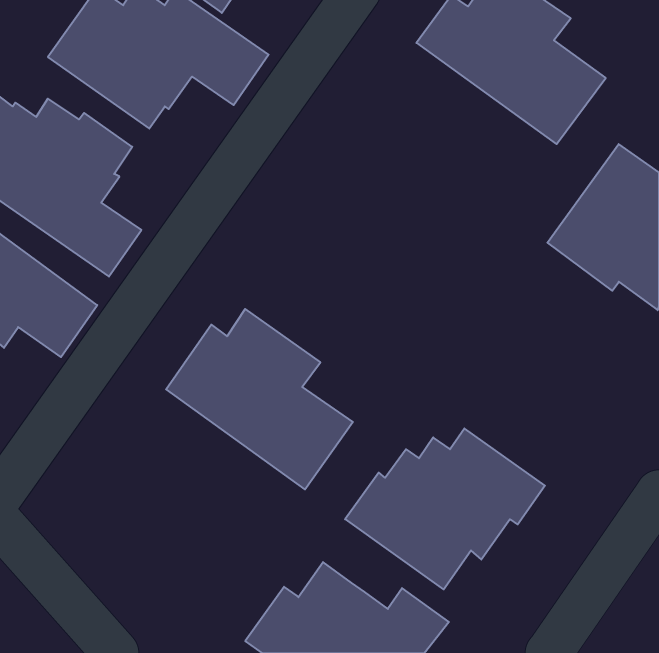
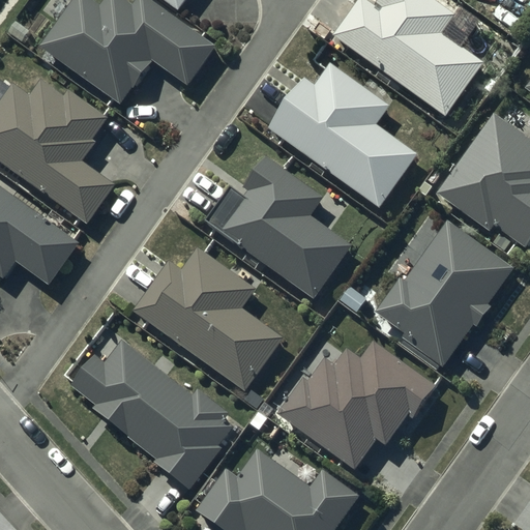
building: none -> [269,63,416,207]
building: none -> [204,155,351,298]
building: none -> [375,220,512,365]
building: none -> [71,341,231,489]

